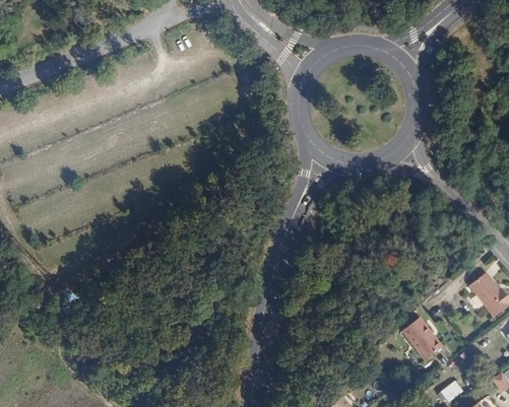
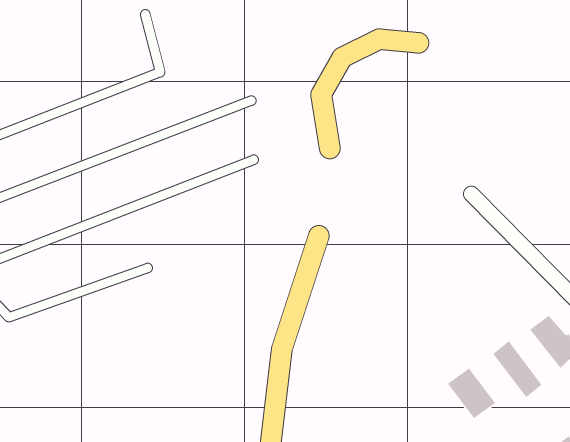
building: none -> [492,340,543,398]

